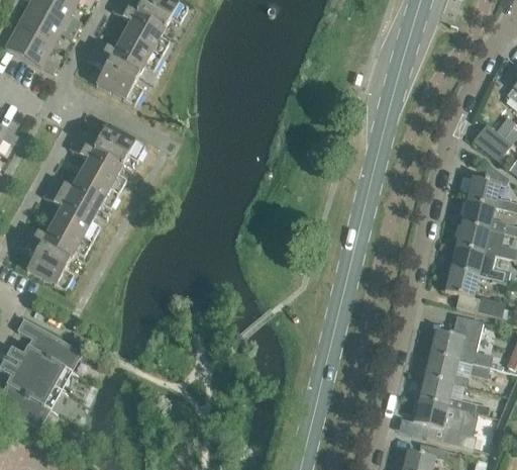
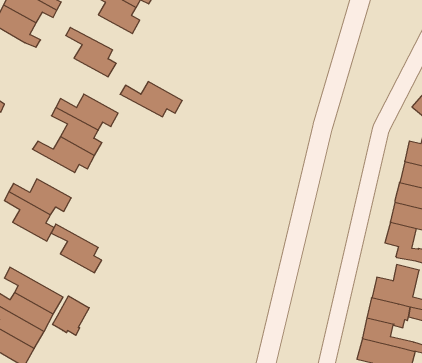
building: [91,35,161,75] -> [120,82,182,117]
building: [43,186,100,241] -> [51,224,102,273]
building: none -> [53,296,89,335]

